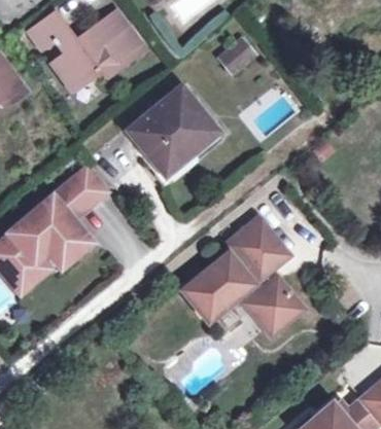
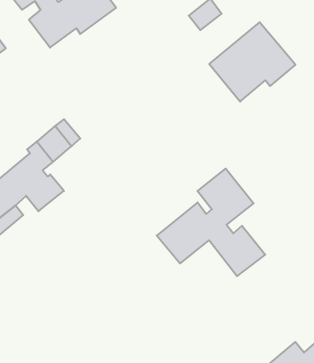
building: [127,84,218,169] -> [209,22,295,102]

